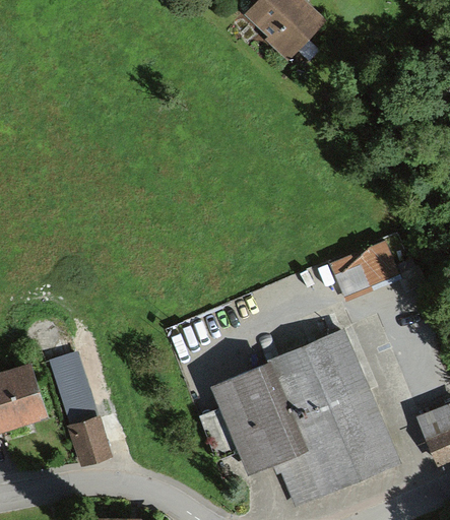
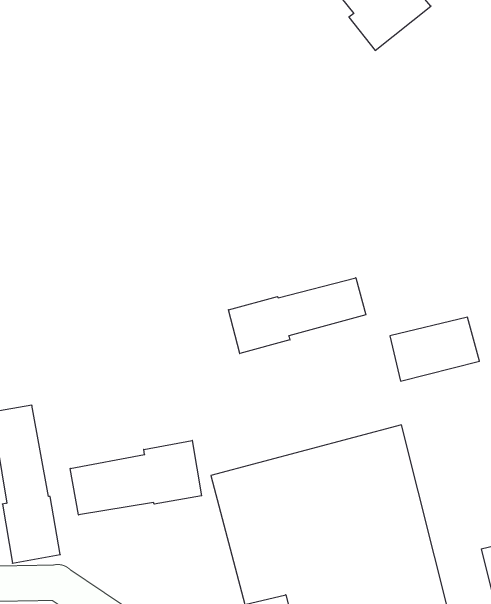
building: none -> [228,278,366,354]
building: none -> [70,440,202,515]

